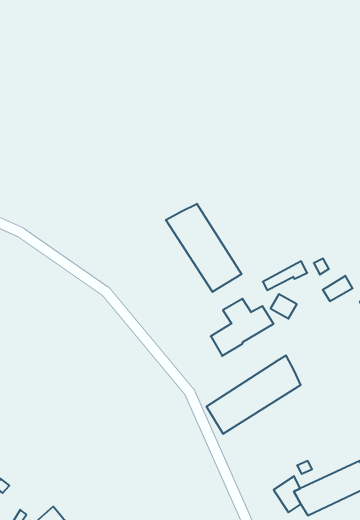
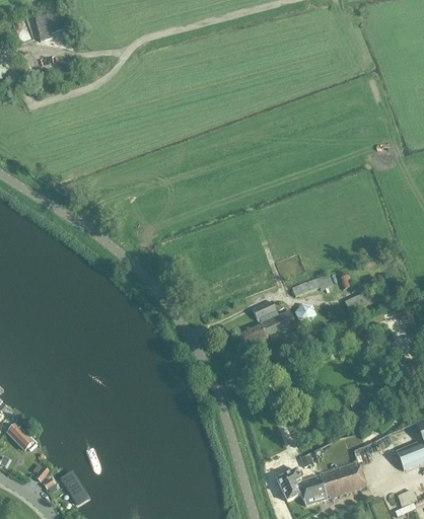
building: [166,204,241,292] -> none
building: [207,355,301,434] -> none

